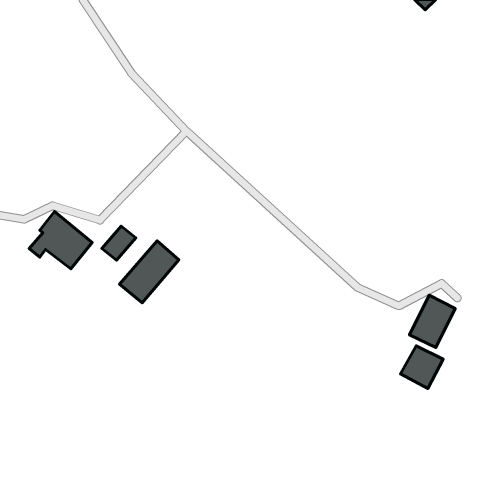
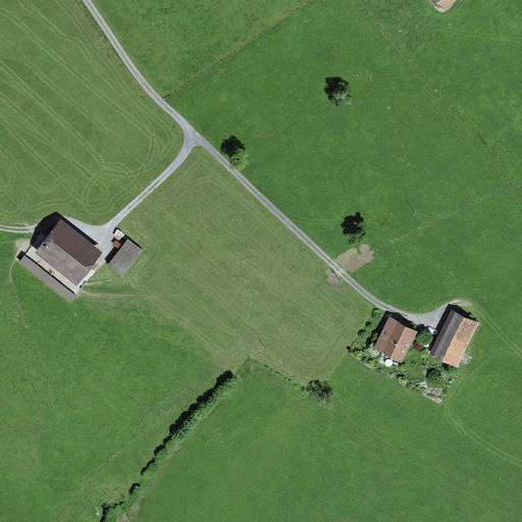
building: [120,241,179,303] -> none
building: [401,346,443,388] -> [371,317,416,362]

